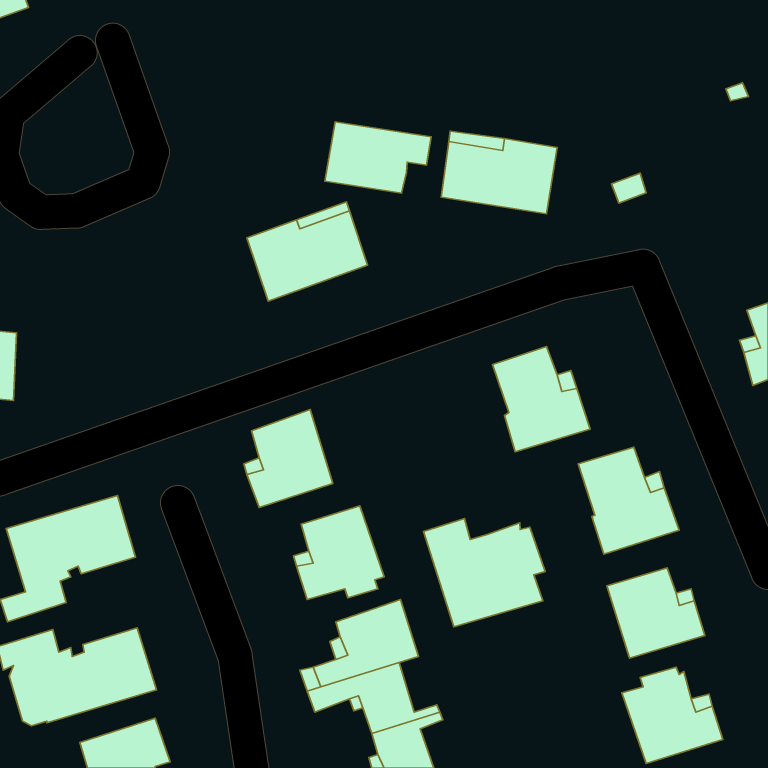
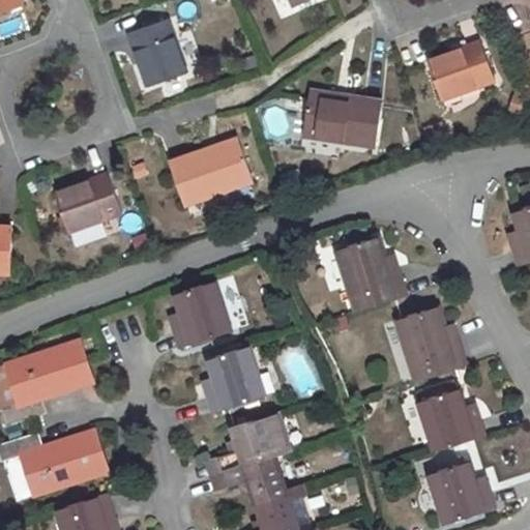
building: none -> [128,19,185,85]
building: none -> [426,42,495,99]
building: [325,122,431,193] -> none
building: none -> [54,175,122,233]
building: [423,519,545,627] -> none

